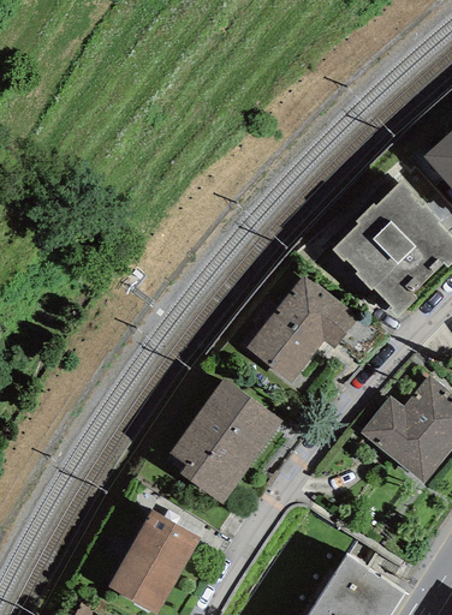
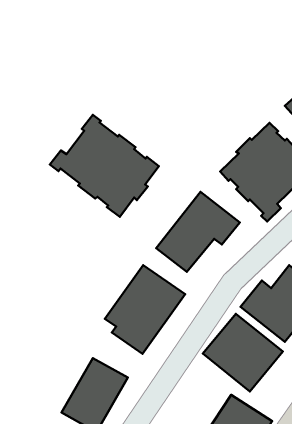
building: none -> [50,115,159,217]
building: none -> [203,314,283,392]

